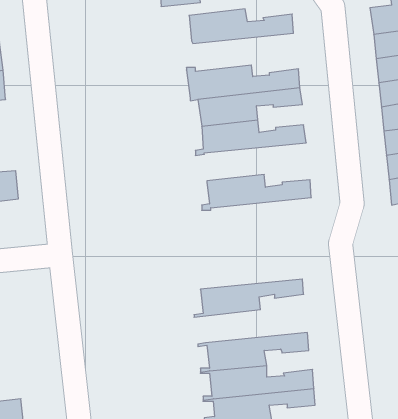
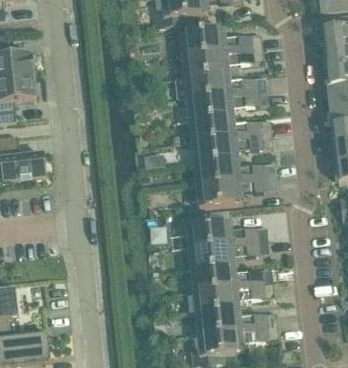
building: none -> [176,46,264,76]
building: none -> [187,132,273,163]
building: none -> [197,175,278,204]
building: none -> [178,214,269,247]
building: none -> [184,263,273,290]

